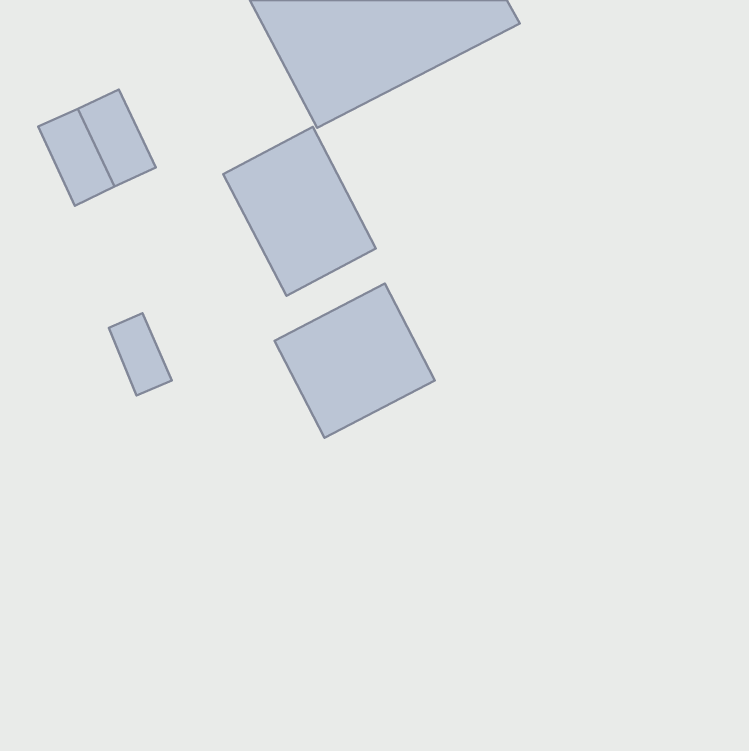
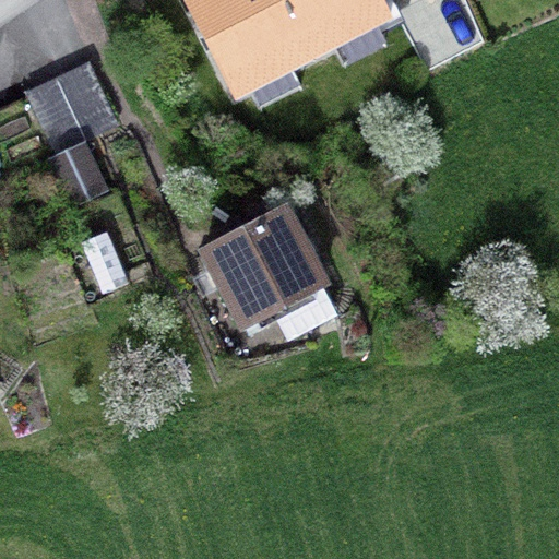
building: [223,127,376,296] -> none

